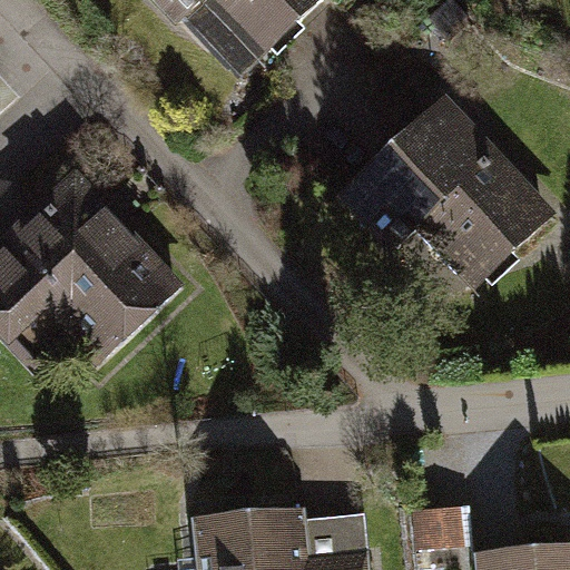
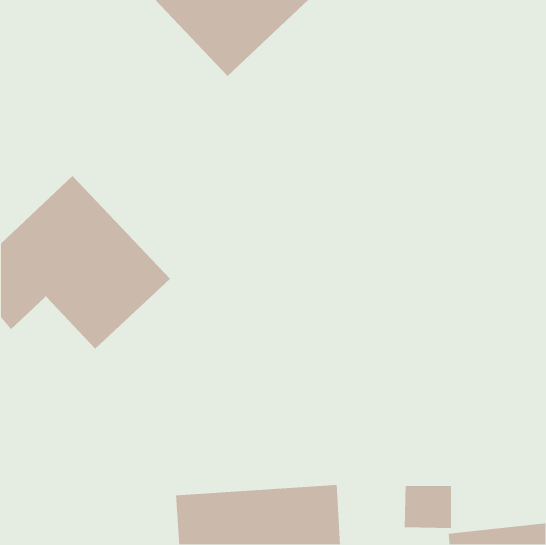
building: [343,105,552,286] -> none

